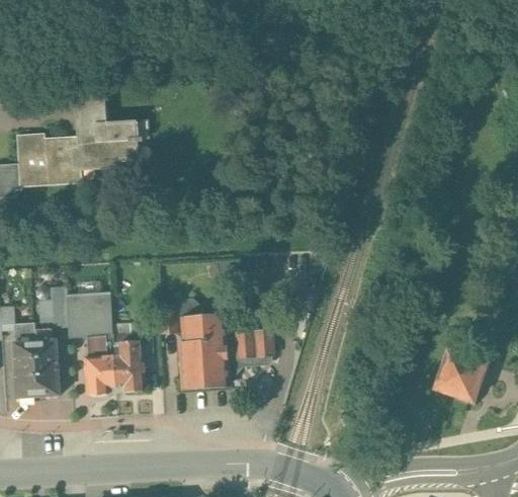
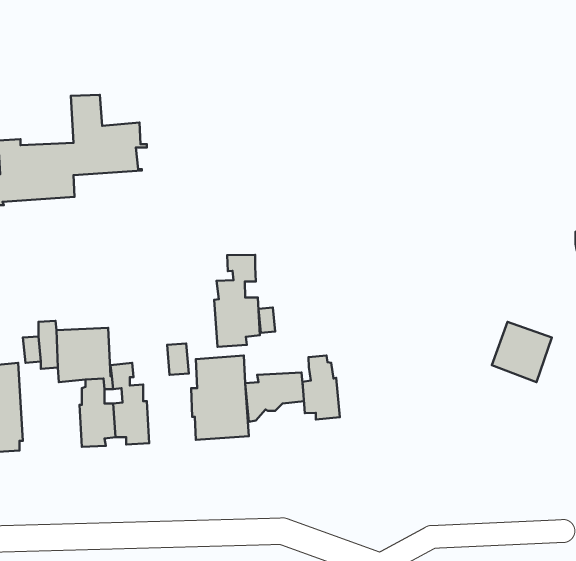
building: none -> [214,255,260,347]
building: none -> [302,356,340,420]
building: [34,340,59,396] -> none
building: [434,358,485,409] -> [492,322,552,382]

